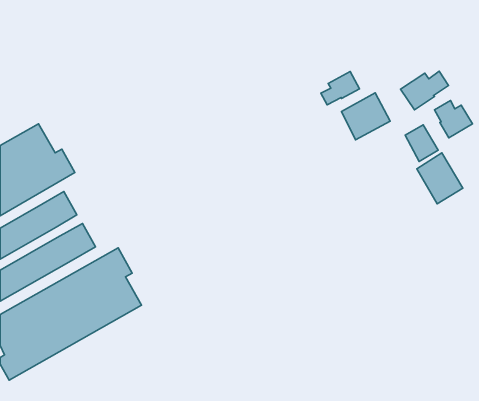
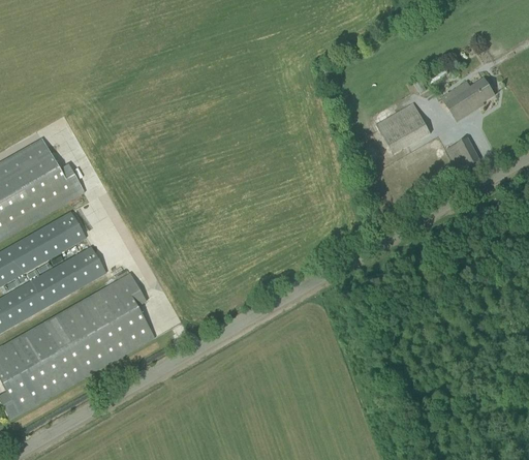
building: [321,71,359,105] -> none
building: [434,100,473,138] -> none
building: [417,153,463,204] -> none

